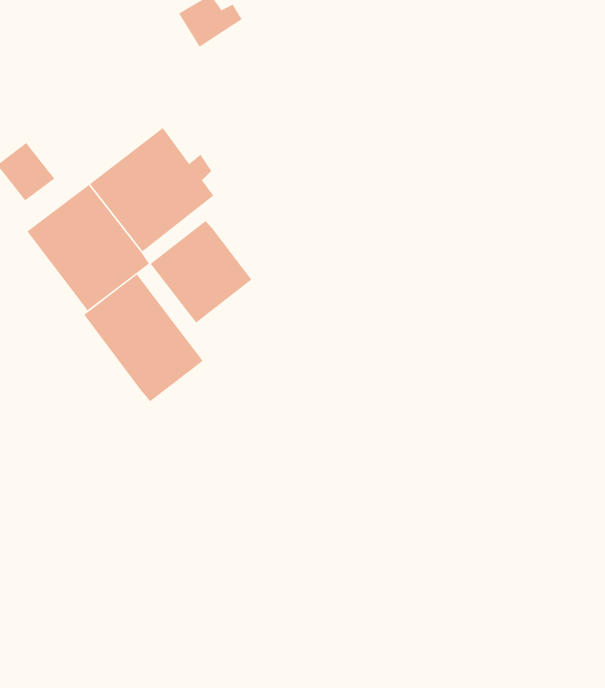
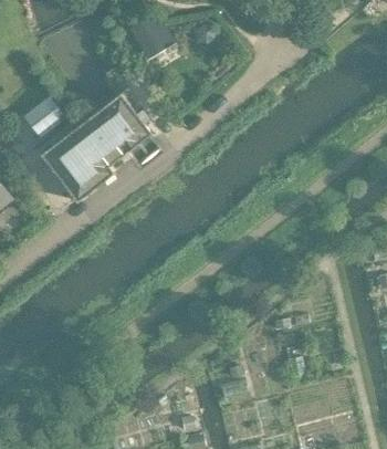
building: [150,220,252,323] -> none
building: [83,273,204,402] -> none

